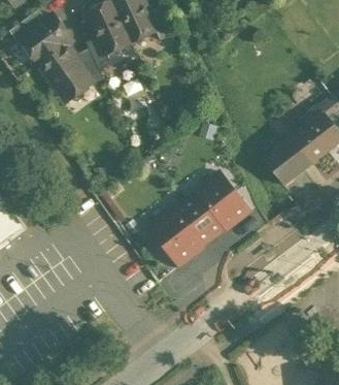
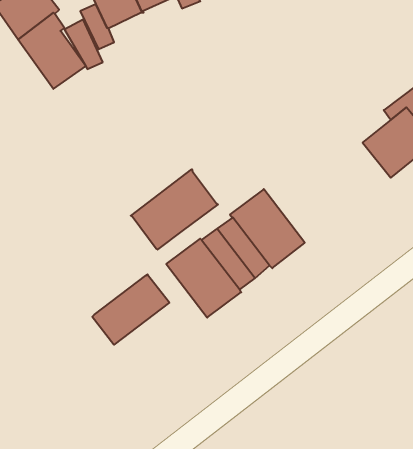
building: [263,137,312,186] -> none
building: none -> [131,169,218,250]
building: none -> [92,274,169,345]

